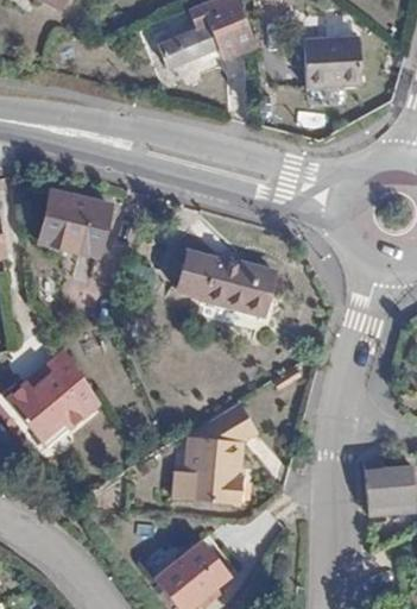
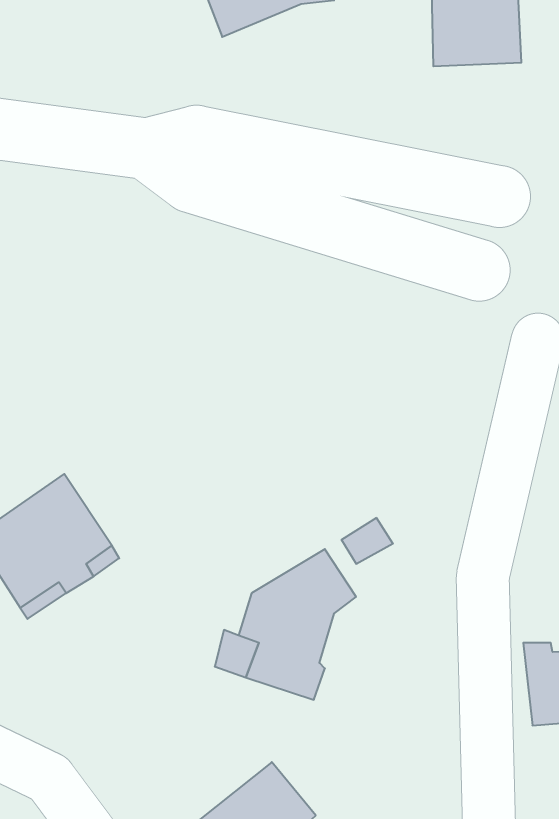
building: [39,193,110,258] -> none
building: [178,250,276,318] -> none

